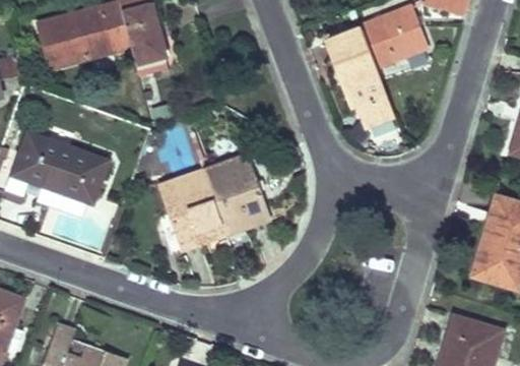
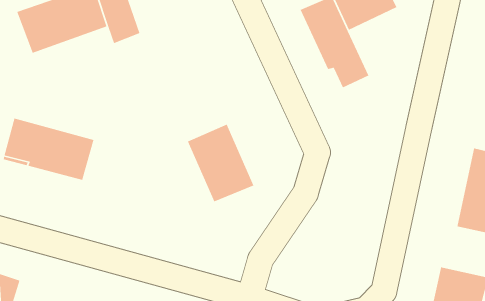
building: [160,169,226,249] -> none

